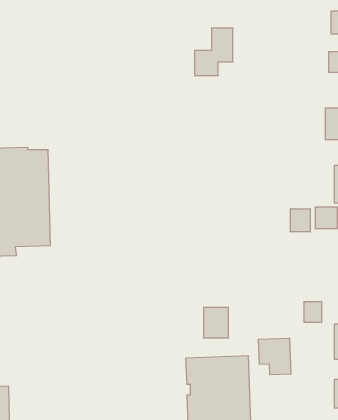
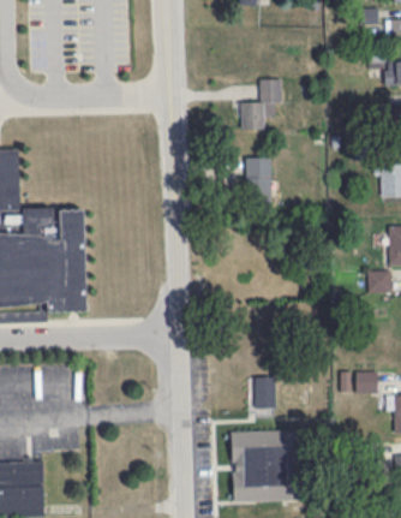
building: none -> [245,157,270,202]
building: [291,209,310,232] -> none
building: [259,338,291,375] -> none

